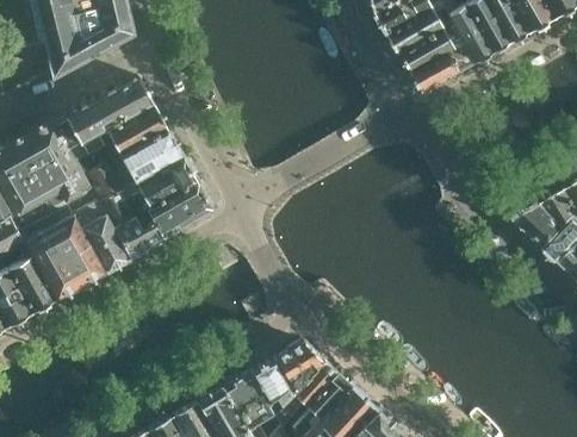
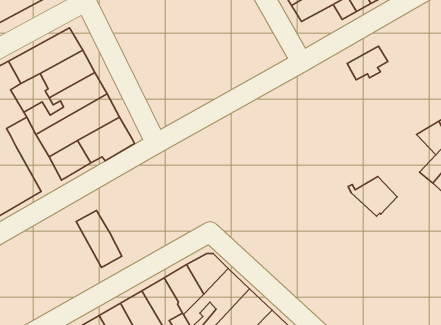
building: [411,51,459,90] -> [347,46,388,80]
building: [76,204,130,270] -> [76,210,122,267]
building: [511,204,569,250] -> [348,176,397,216]

